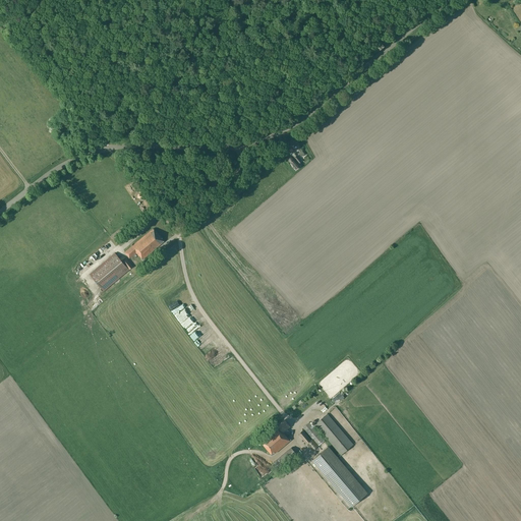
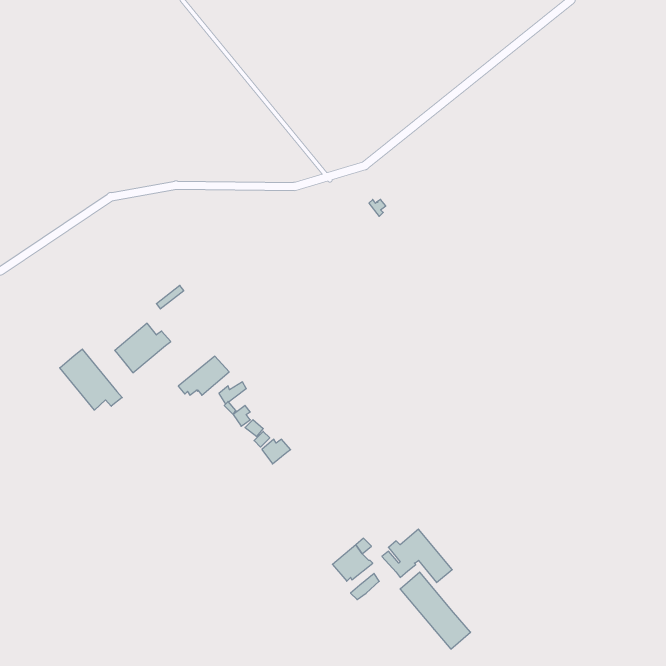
building: [124,229,164,259] -> [178,356,229,395]
building: none -> [60,349,122,410]

